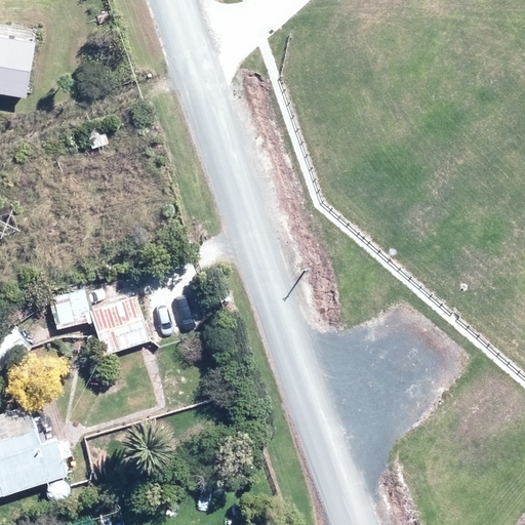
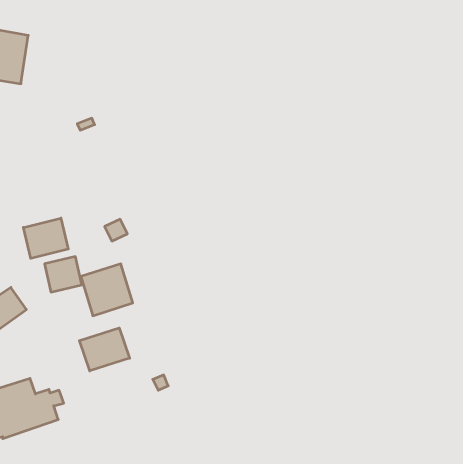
building: none -> [23,218,68,258]
building: none -> [79,328,130,371]

